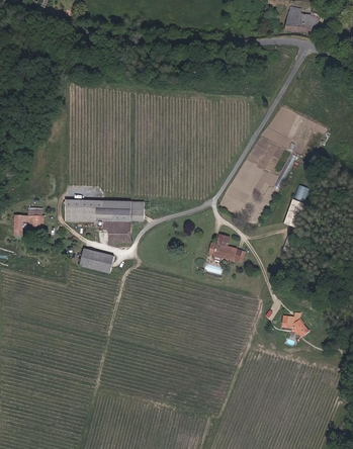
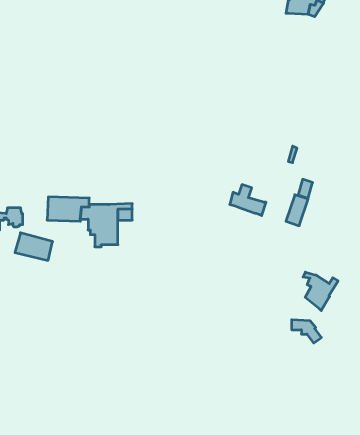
building: [208,238,242,266] -> [230,185,266,216]
building: [80,249,114,274] -> [15,233,53,260]
building: none -> [303,272,338,311]

